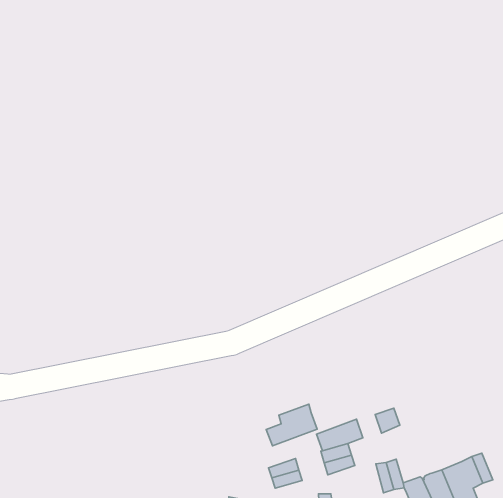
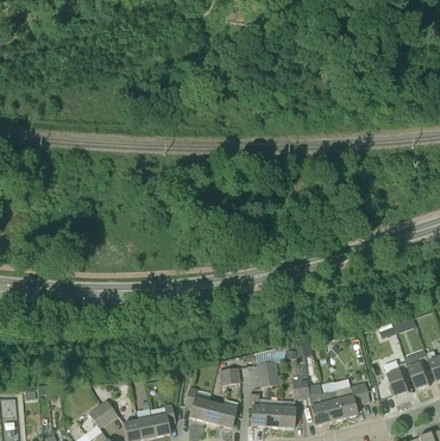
building: [266,404,317,446] -> none

